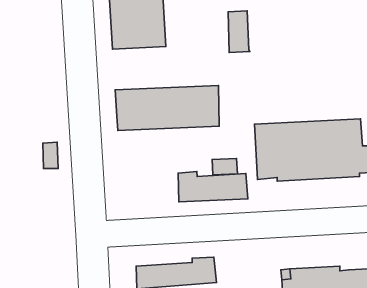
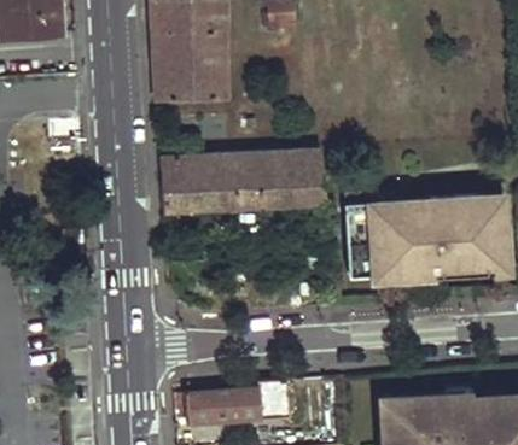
building: [228,11,250,52] -> [297,150,326,205]
building: [178,171,248,202] -> none

